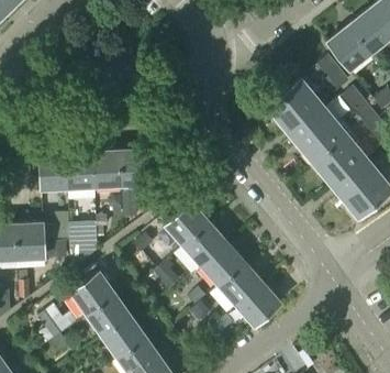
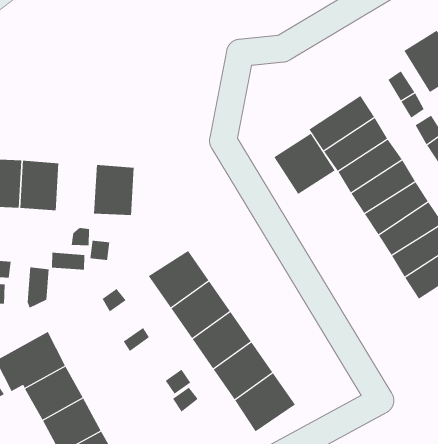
building: none -> [273,133,336,195]
building: [93,151,122,187] -> none

